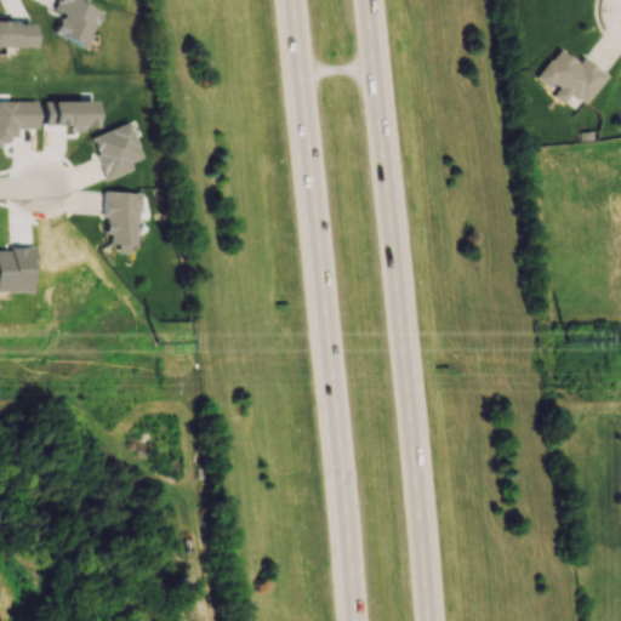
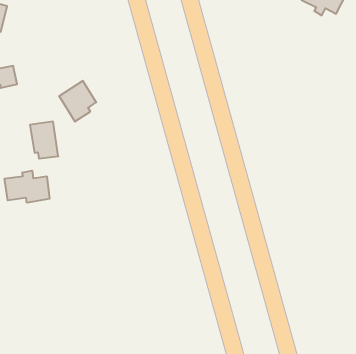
building: [93,121,147,180] -> [59,81,96,122]
building: none -> [5,171,50,203]

